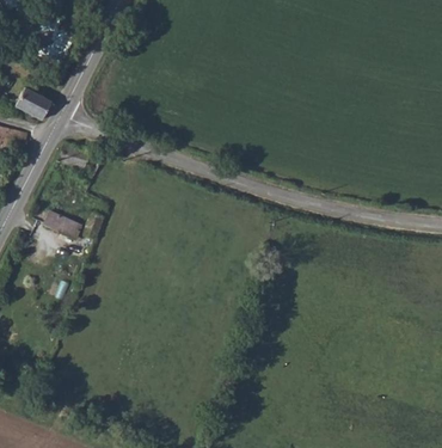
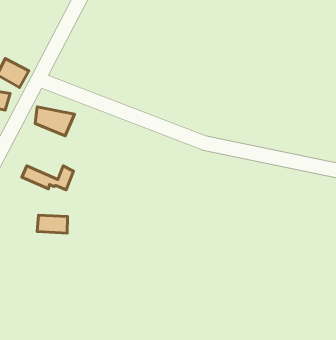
building: none -> [37,215,67,233]

